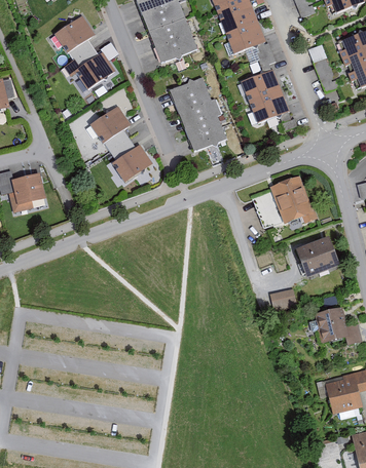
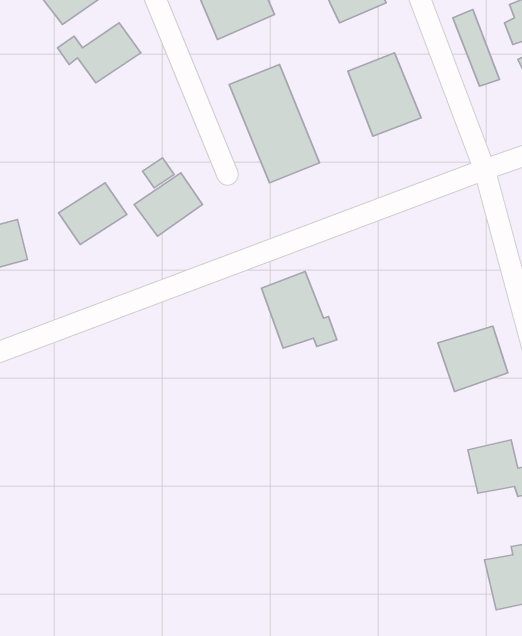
building: [89,106,132,144] -> [58,183,127,245]
building: [271,177,318,224] -> [262,271,337,348]
building: [269,288,295,311] -> none

